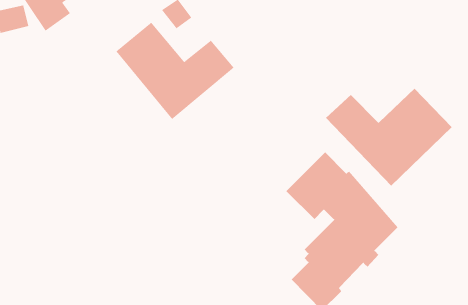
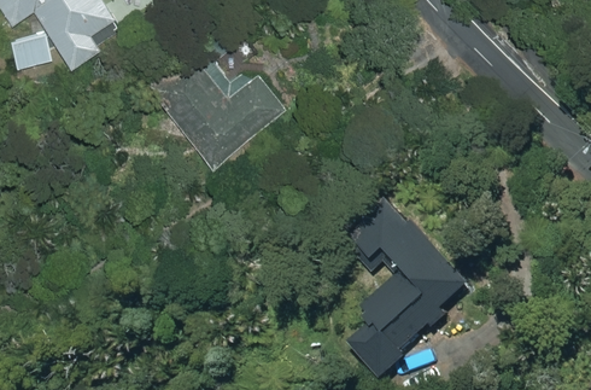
building: [325,88,452,186] -> none

